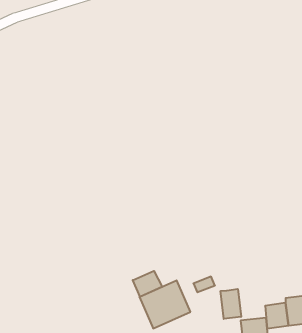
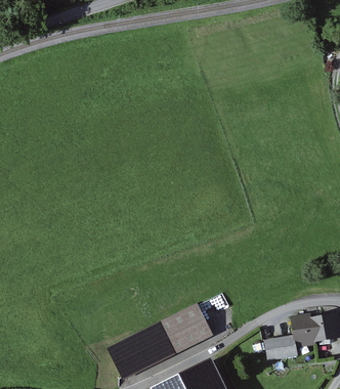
building: [133,271,162,297] -> none
building: [221,289,241,319] -> none

